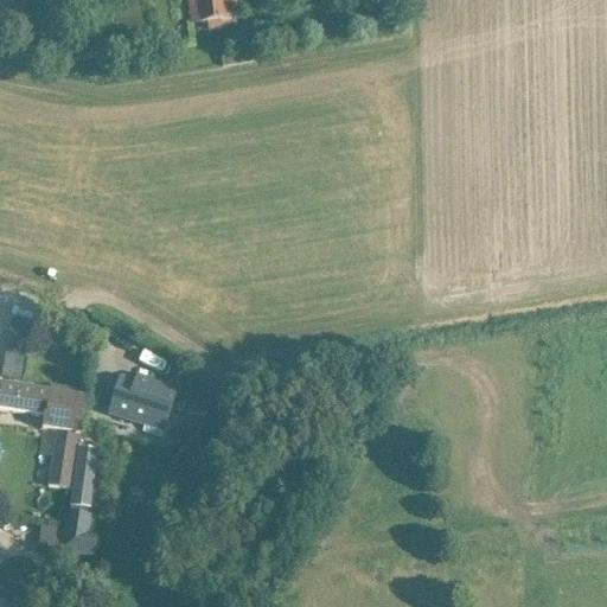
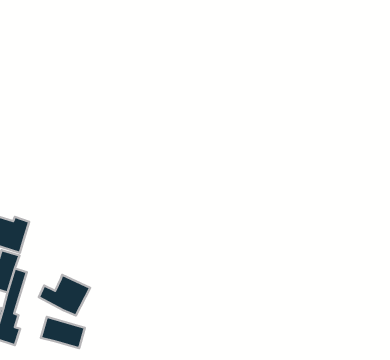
building: [109,375,174,426] -> [39,275,90,316]
building: none -> [41,317,85,348]

